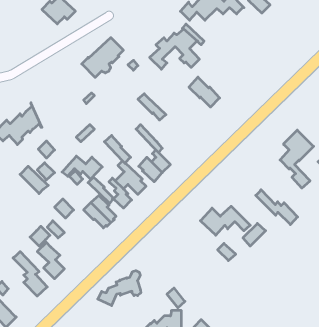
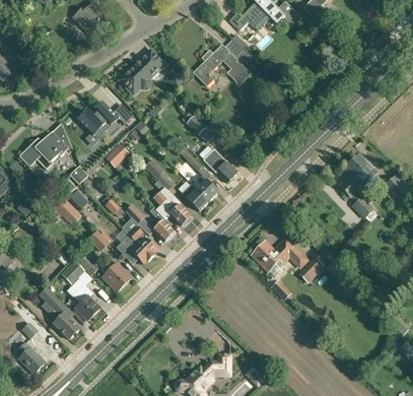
building: [189,77,220,107] -> [203,149,237,183]
building: none -> [77,102,118,138]
building: [62,156,102,179] -> none
building: [256,190,298,225] -> none
building: none -> [101,262,131,291]
building: [98,271,141,306] -> none

